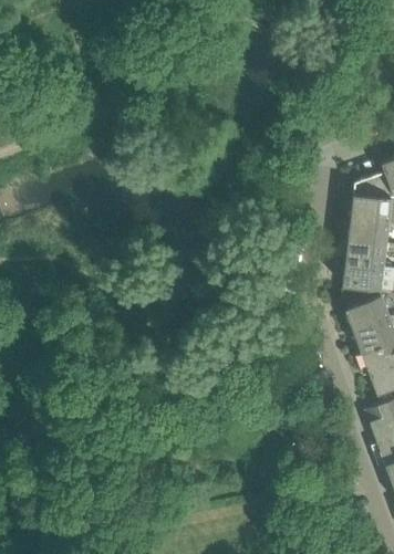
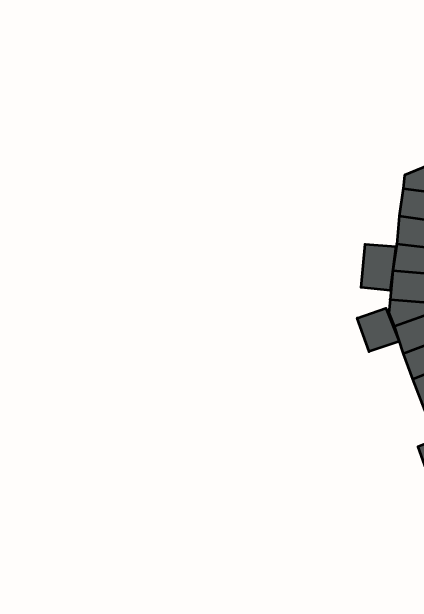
building: none -> [361,244,396,290]
building: none -> [357,308,399,352]

